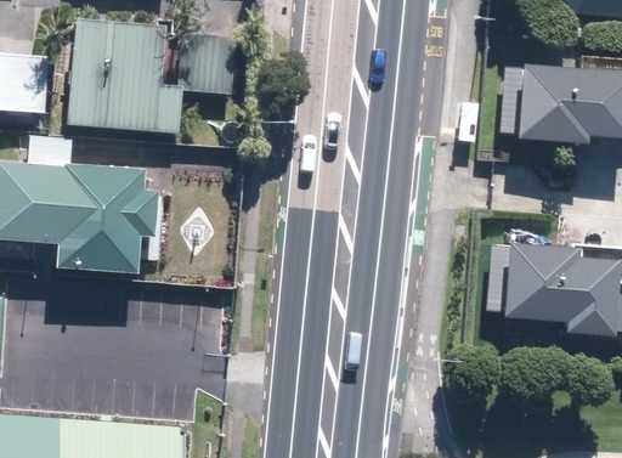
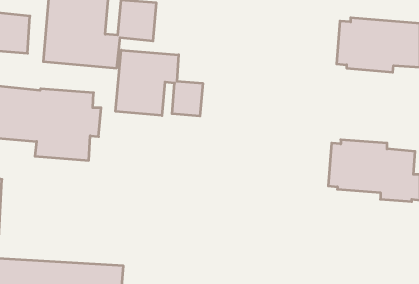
building: none -> [116,50,203,116]

